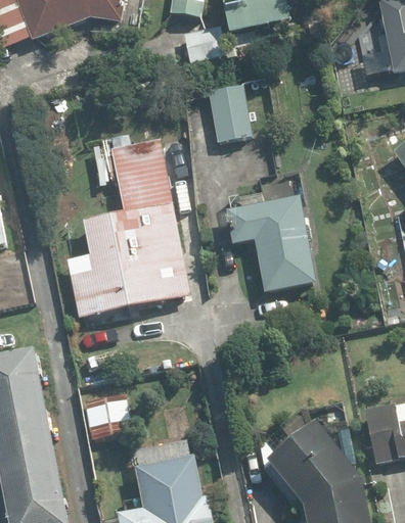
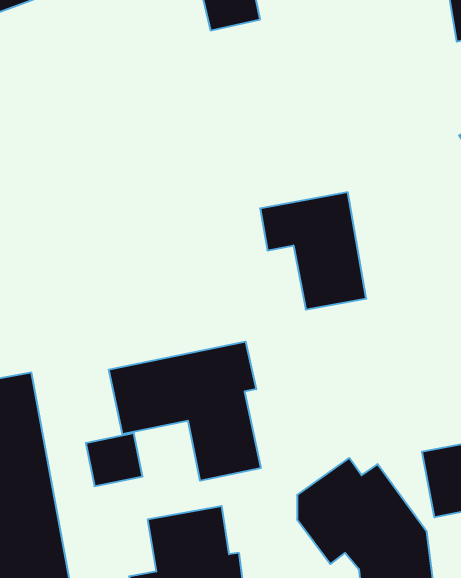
building: [206,82,253,142] -> none
building: [69,145,189,316] -> none
building: none -> [109,342,261,481]

